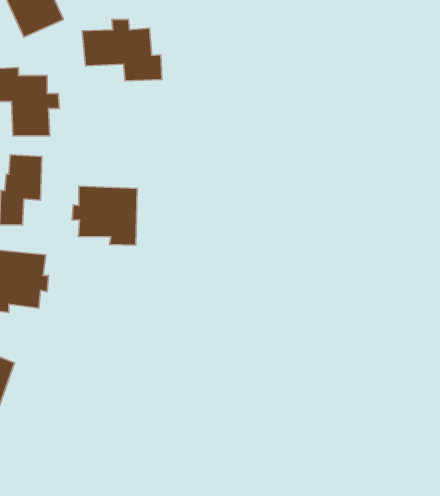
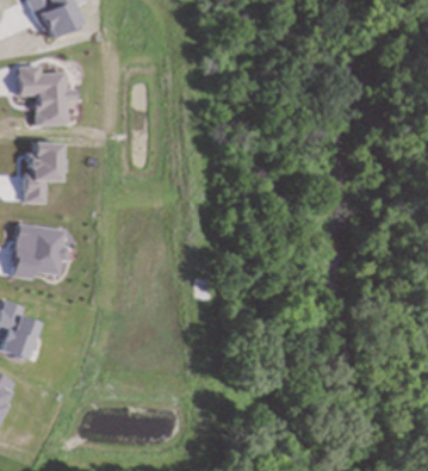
building: [82,19,162,81] -> none
building: [72,186,137,245] -> none

